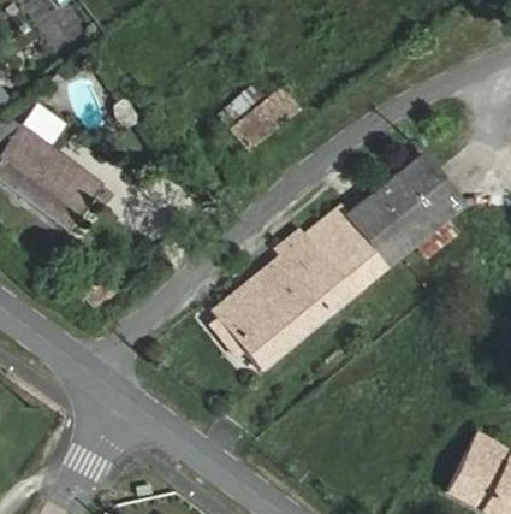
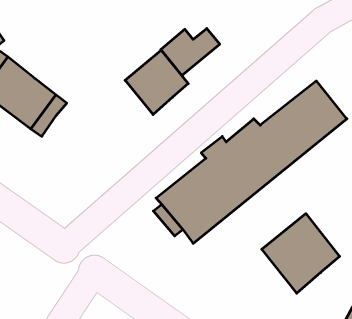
building: none -> [125,50,188,115]
building: none -> [262,214,340,293]

